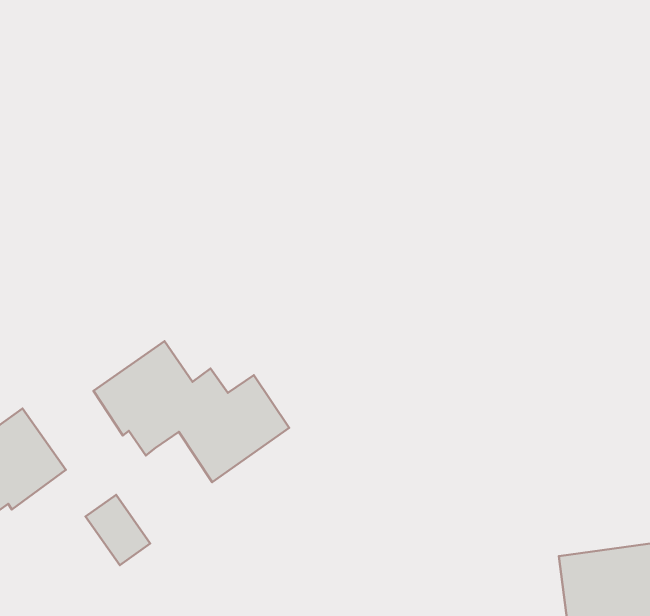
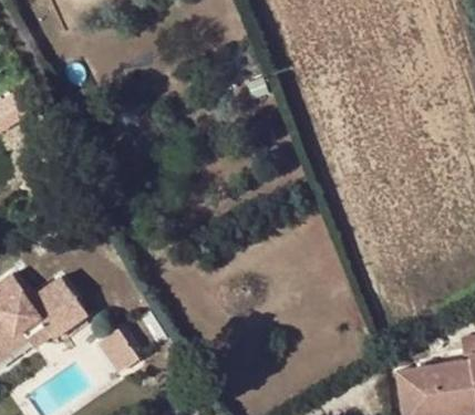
building: [93,341,289,482] -> none

